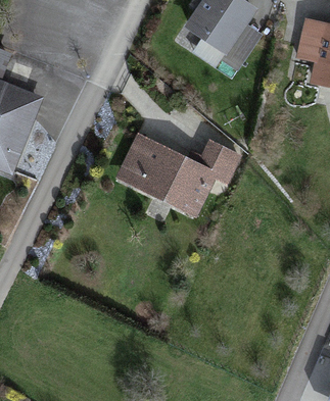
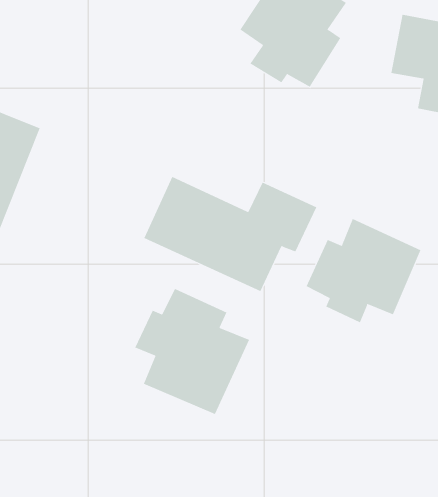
building: none -> [306,218,421,323]
building: none -> [134,288,250,415]

